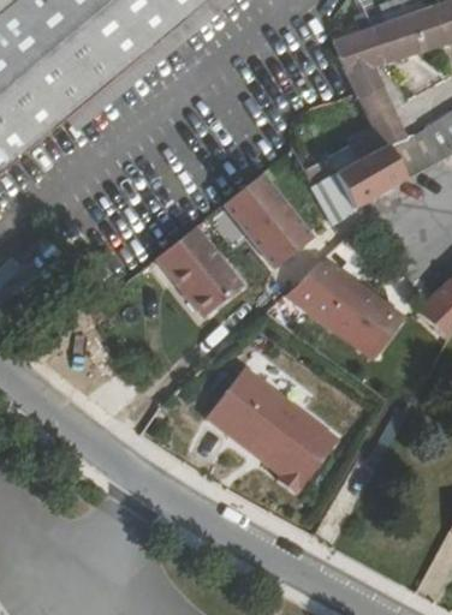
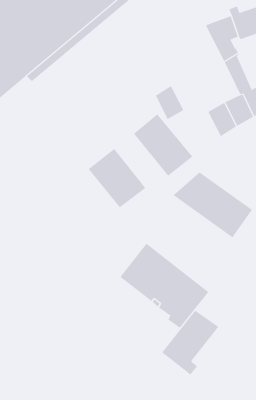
building: [311,171,355,222] -> [155,85,184,120]
building: none -> [162,310,219,375]

